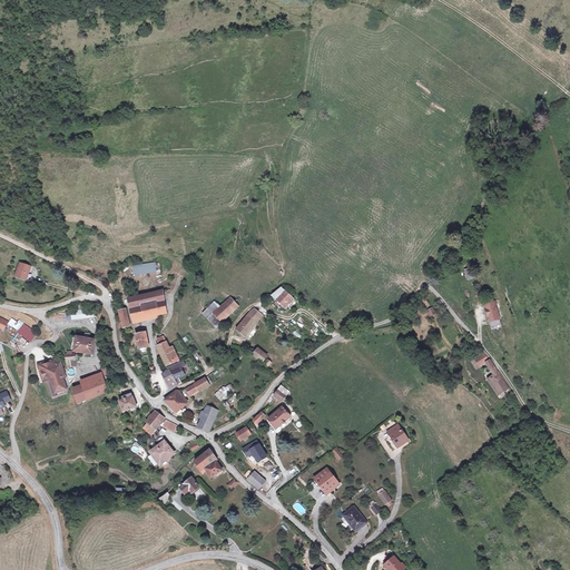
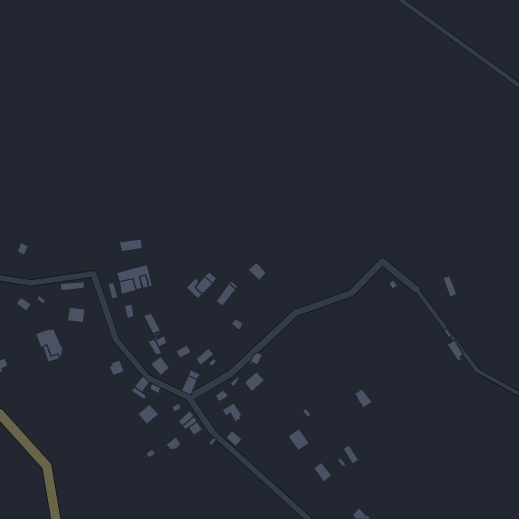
building: [72,377,107,404] -> none

